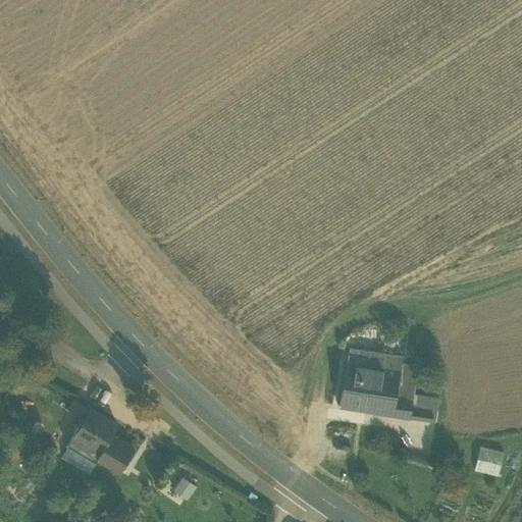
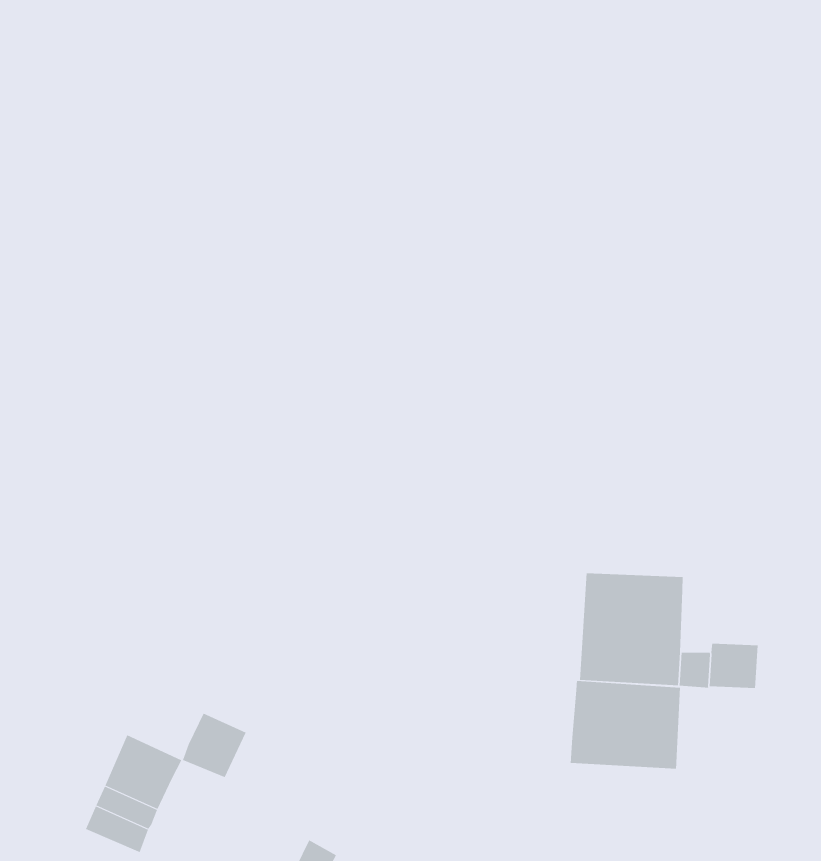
building: [396,365,416,401] -> none
building: none -> [570,680,681,770]
building: [97,436,134,473] -> [182,713,246,778]

